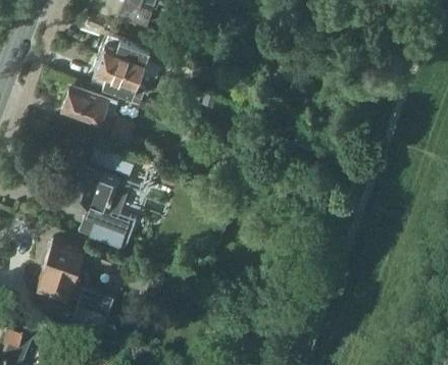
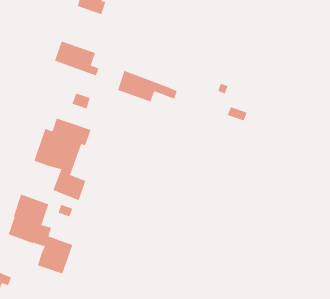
building: [100,35,171,72] -> [117,70,177,102]
building: [61,89,116,124] -> none

